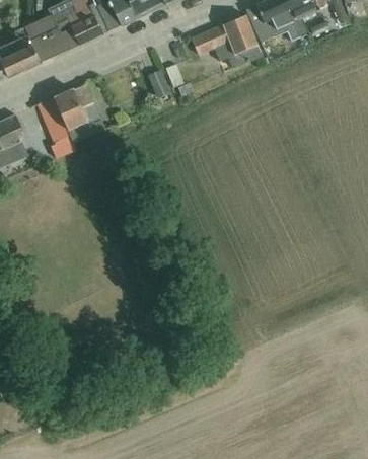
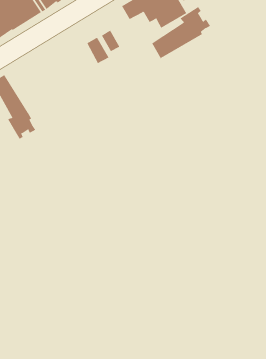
building: none -> [147,6,211,59]
building: [53,83,104,142] -> none

